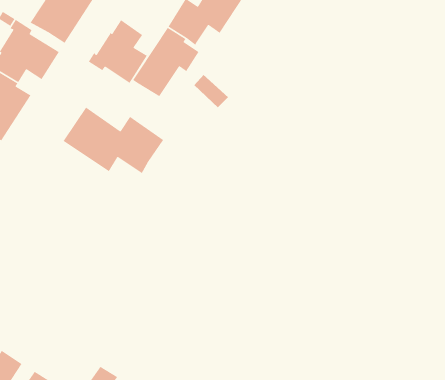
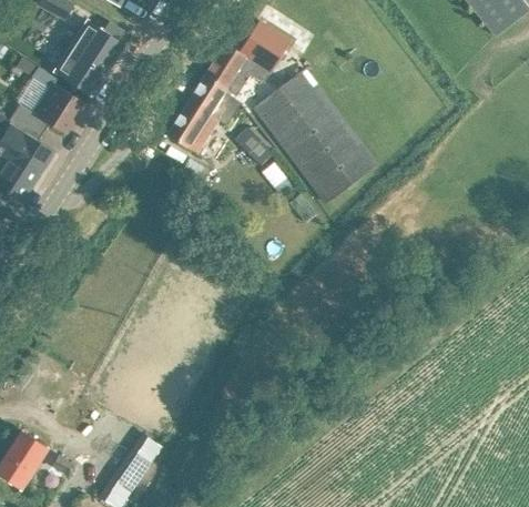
building: [88,19,148,84] -> none
building: none -> [254,69,377,203]
building: [63,106,164,174] -> none

